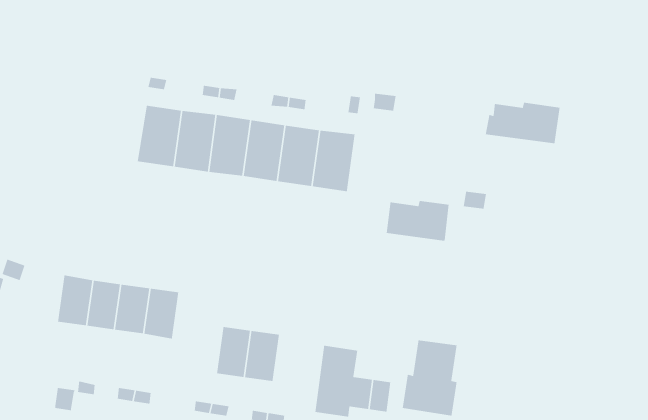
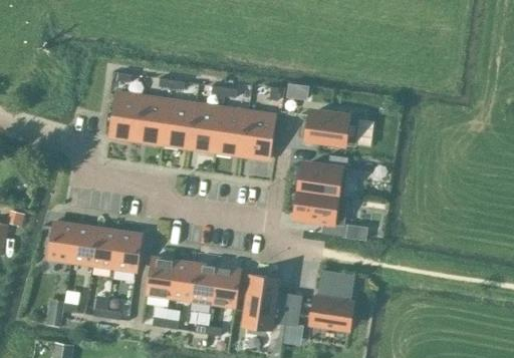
building: [485,102,560,144] -> [301,113,358,145]
building: none -> [294,191,346,237]
building: none -> [147,258,174,297]
building: none -> [212,267,239,306]

